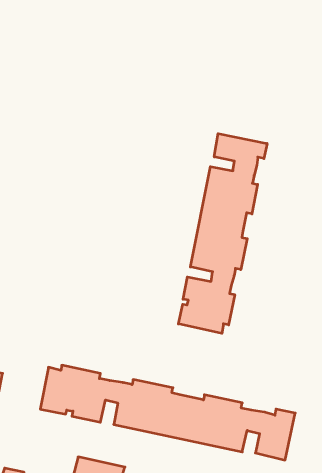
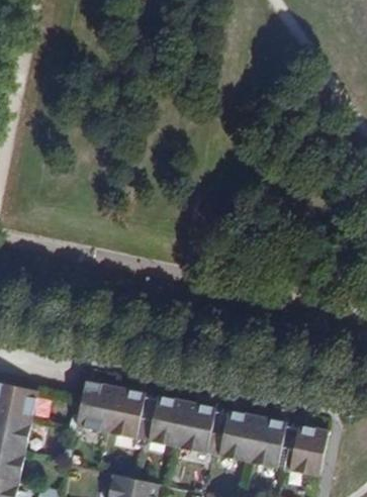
building: [178,134,267,333] -> none

